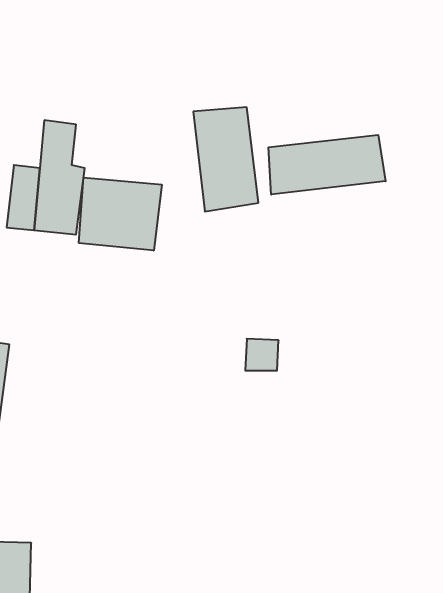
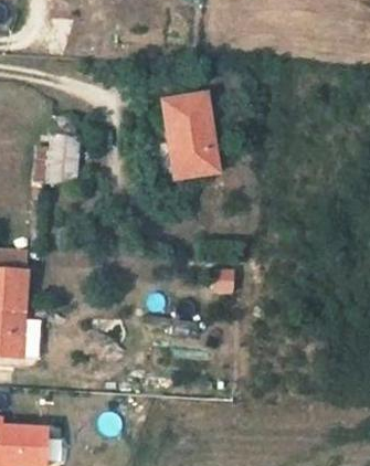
building: [269,135,386,195] -> none
building: [79,177,162,251] -> none

